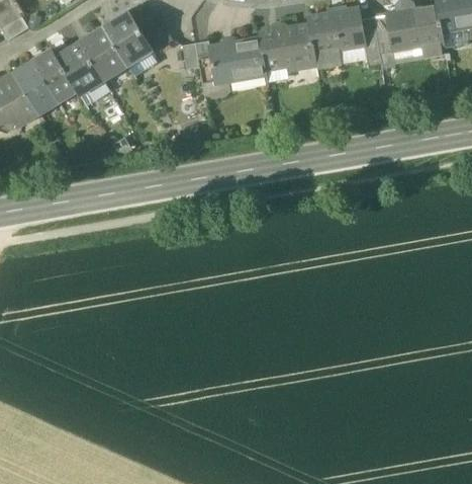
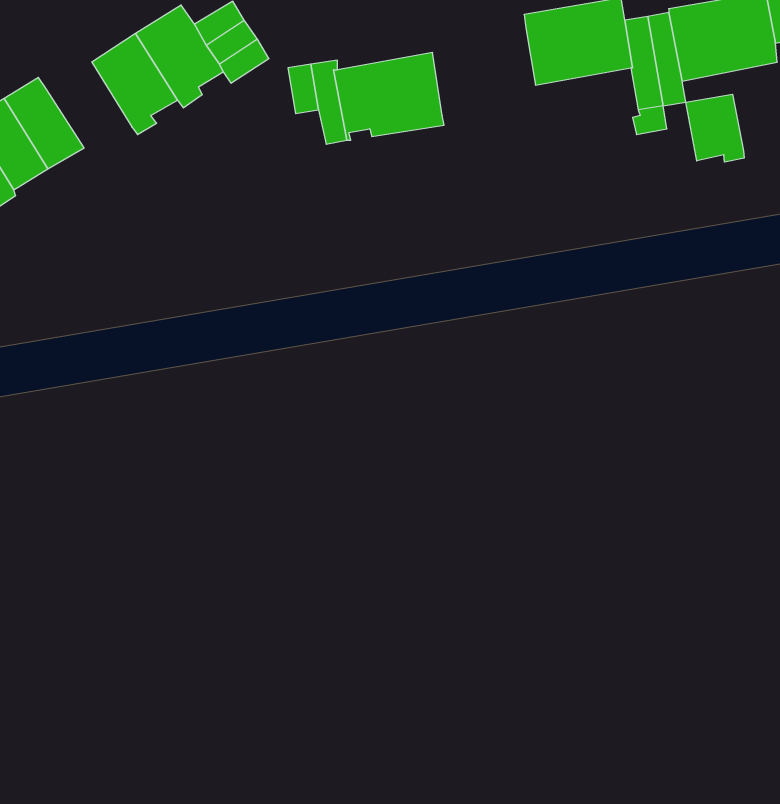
building: [259,24,315,71] -> none
building: [55,43,100,96] -> none
building: none -> [686,94,744,162]

